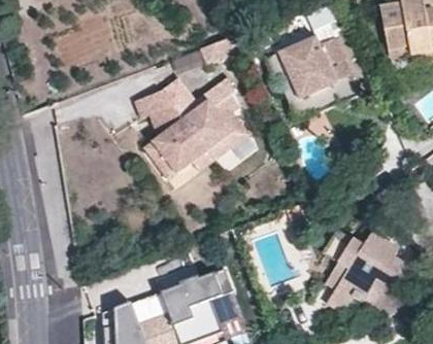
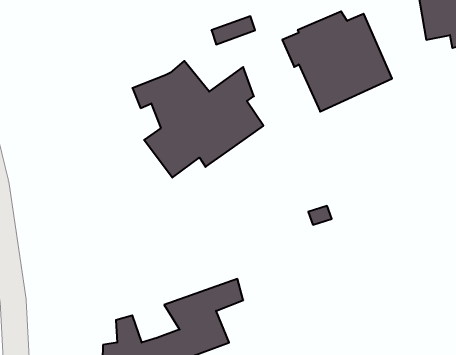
building: [327,229,409,313] -> none

